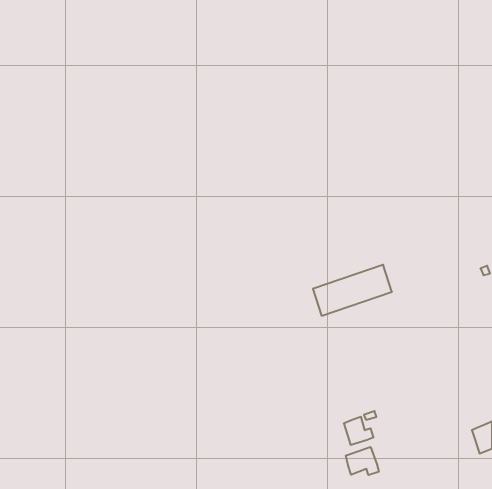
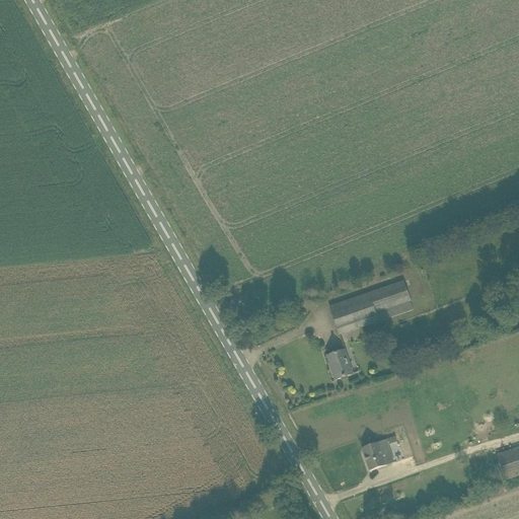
building: none -> [327,348,353,377]
building: [346,447,379,475] -> none

